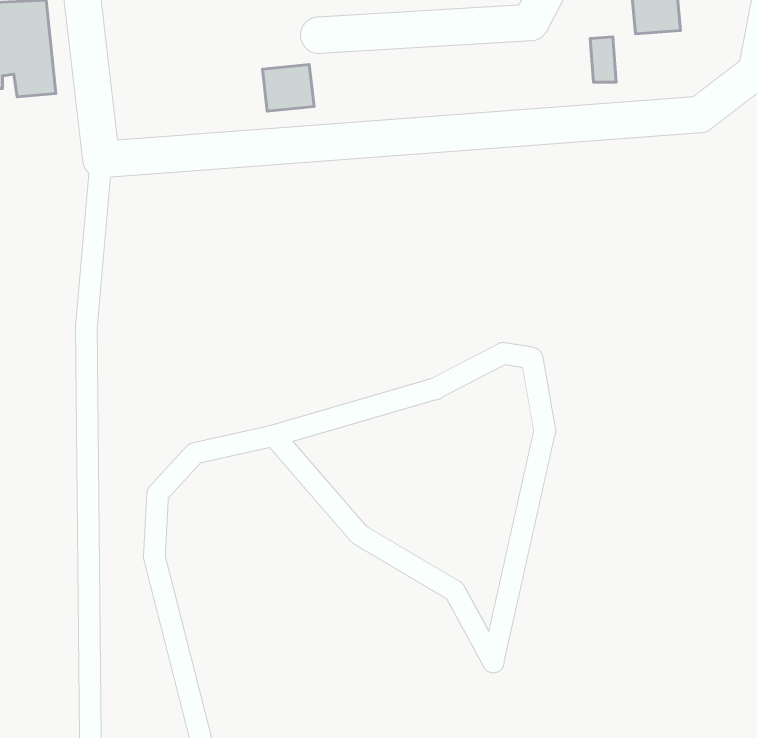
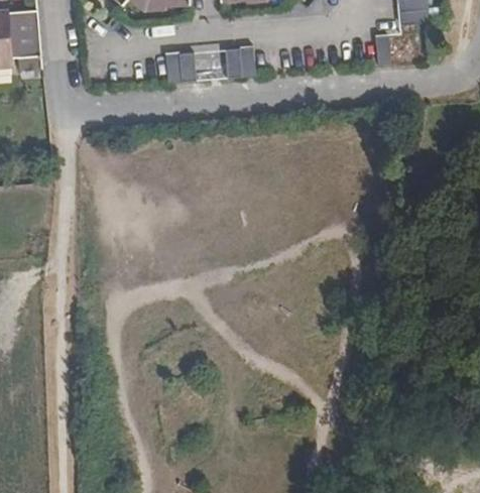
building: none -> [226,46,258,76]

